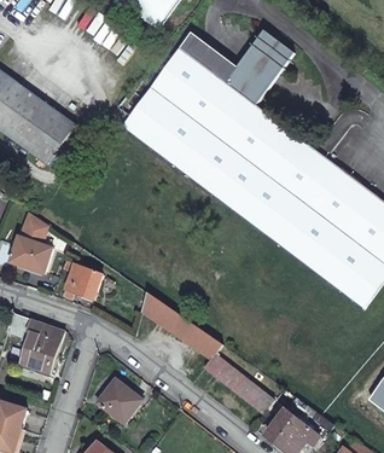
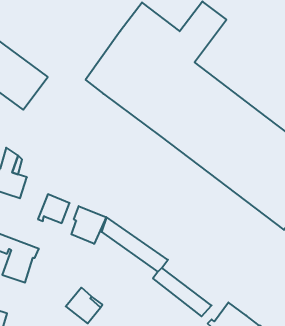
building: none -> [71,206,106,244]

